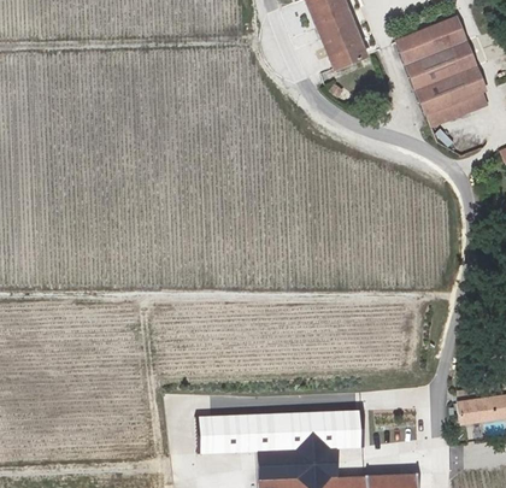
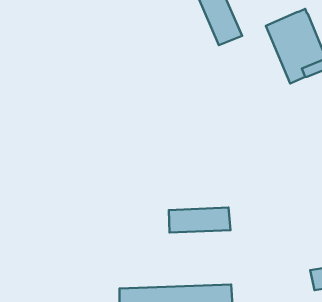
building: none -> [169,207,230,233]

